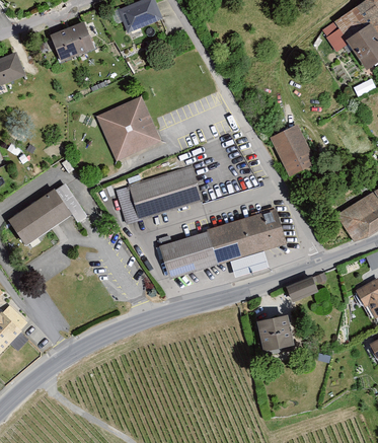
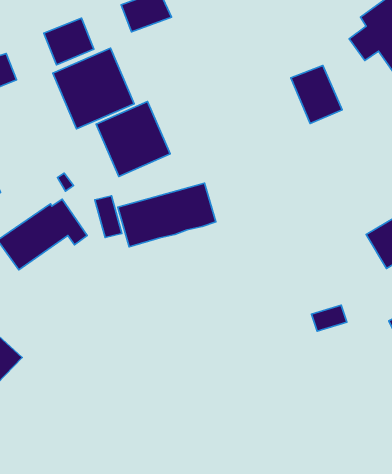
building: none -> [53,48,134,129]
building: [270,125,315,176] -> [291,65,342,123]
building: none -> [95,196,122,238]
building: [156,208,287,281] -> none
building: [256,311,295,347] -> none

